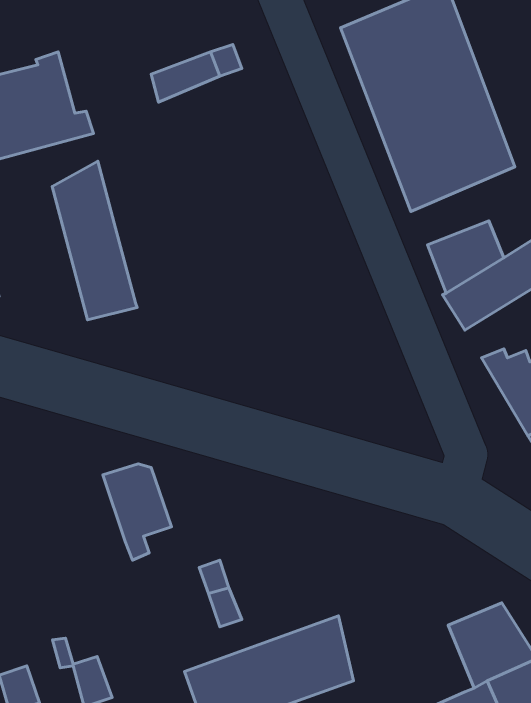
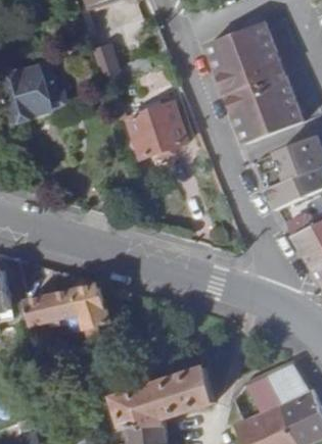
building: none -> [129,101,186,154]
building: [52,161,137,320] -> none
building: none -> [32,289,86,329]

